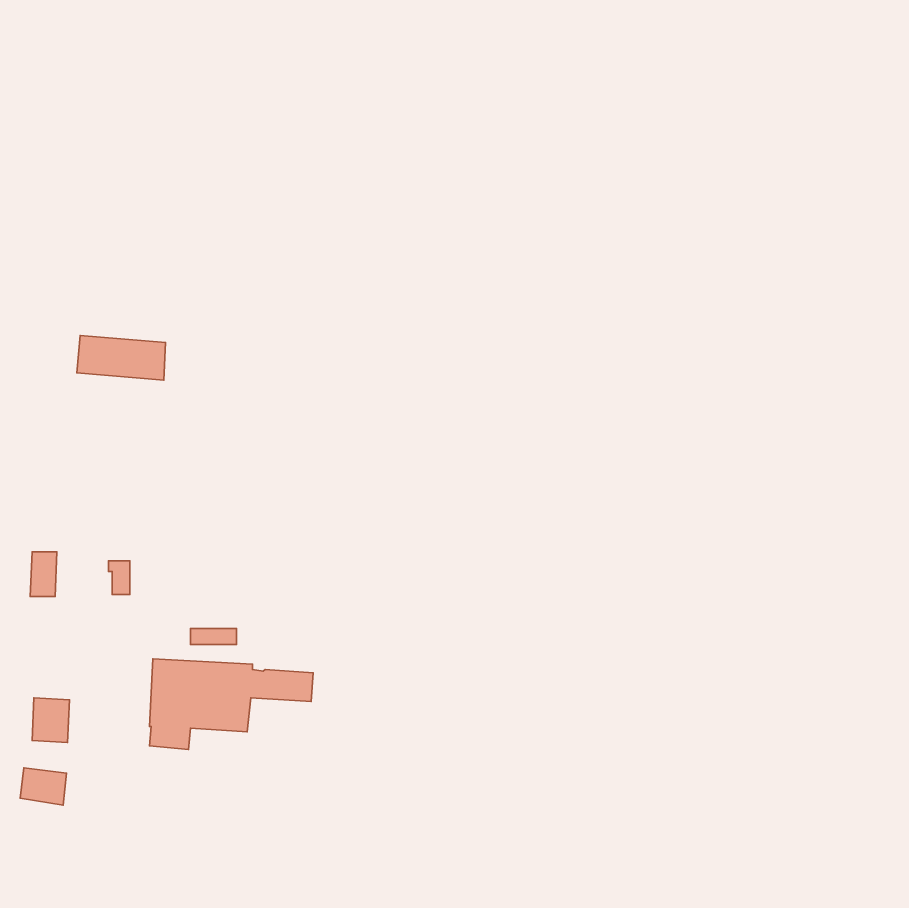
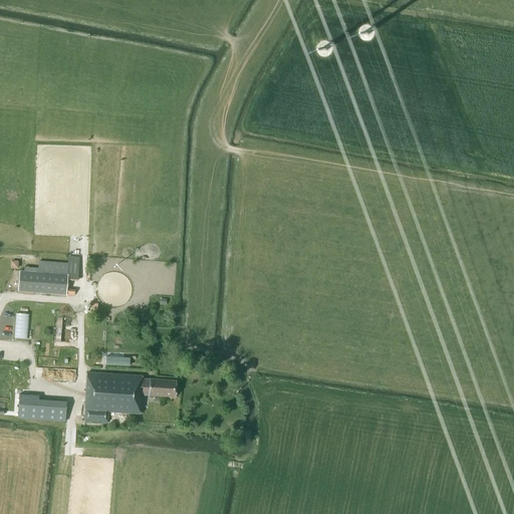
building: [77,336,166,380] -> [17,269,67,294]
building: [20,768,67,805] -> [45,404,71,425]

